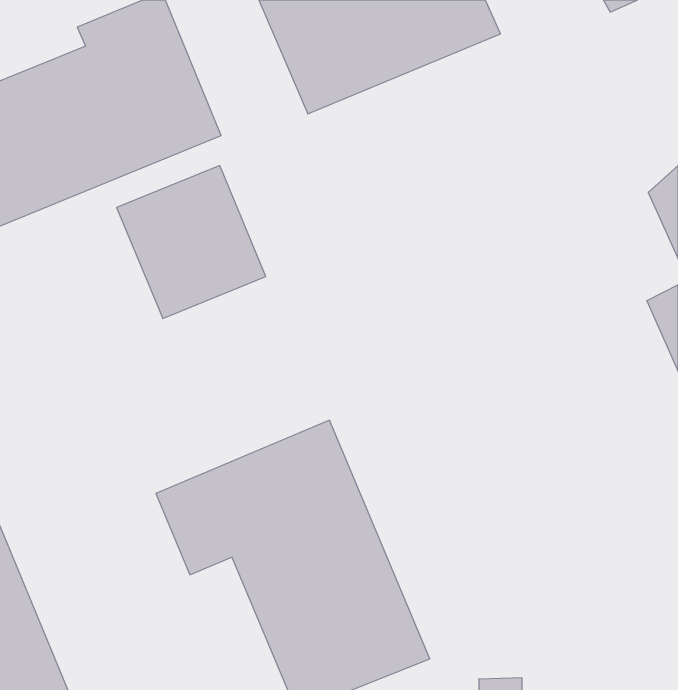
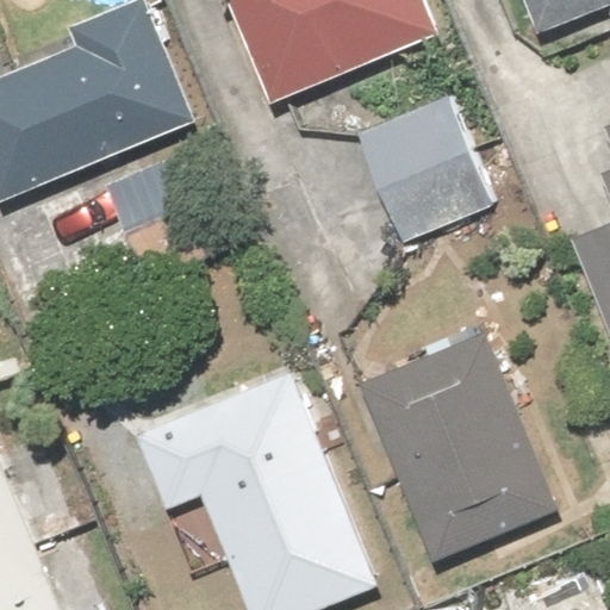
building: none -> [355,94,490,239]
building: none -> [362,334,555,556]

